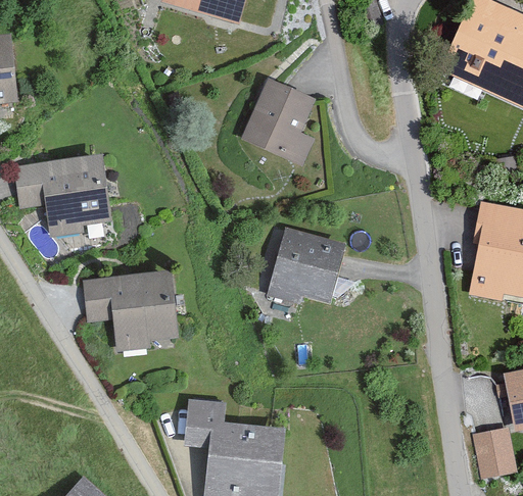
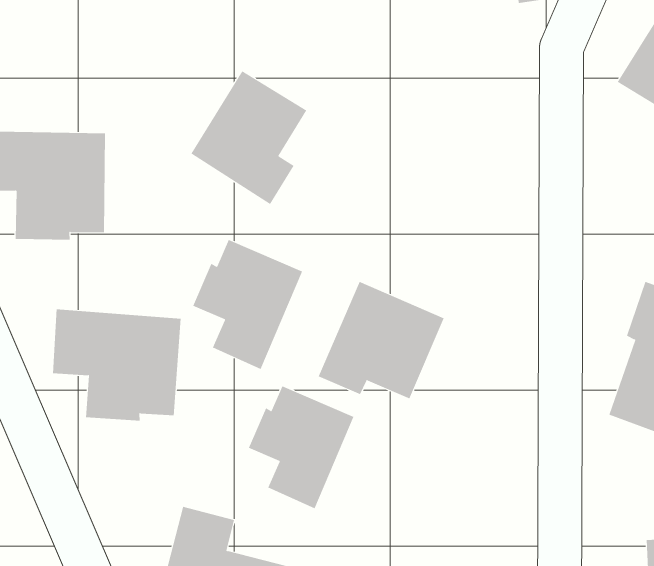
building: [242,79,317,166] -> [190,70,307,205]
building: none -> [192,239,303,370]
building: none -> [248,385,354,509]

